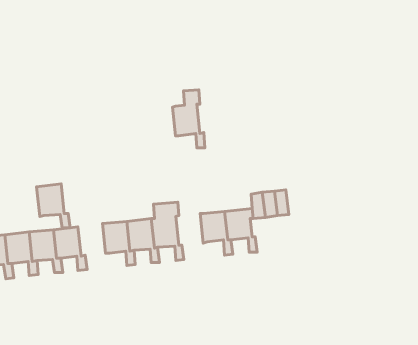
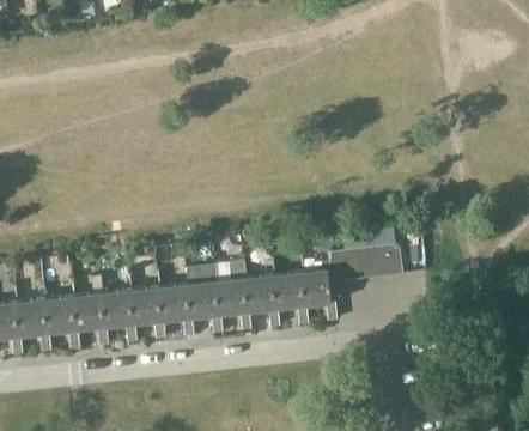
building: [172,90,205,148] -> [242,259,280,327]
building: [37,184,70,228] -> [127,287,166,339]
building: none -> [371,244,402,277]

